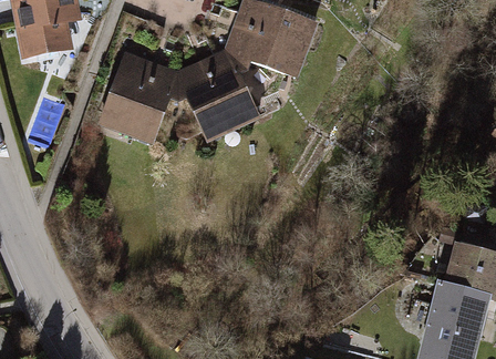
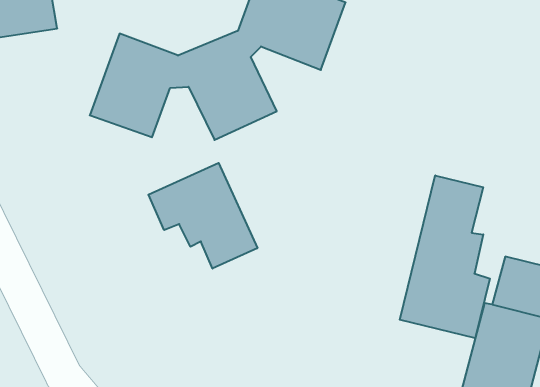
building: none -> [148,163,257,269]
building: none -> [400,175,490,338]

